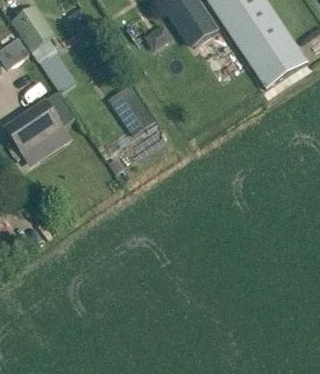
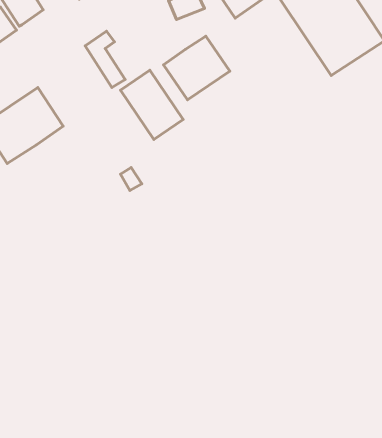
building: [34,39,64,81] -> [85,31,125,87]
building: none -> [164,36,230,100]

